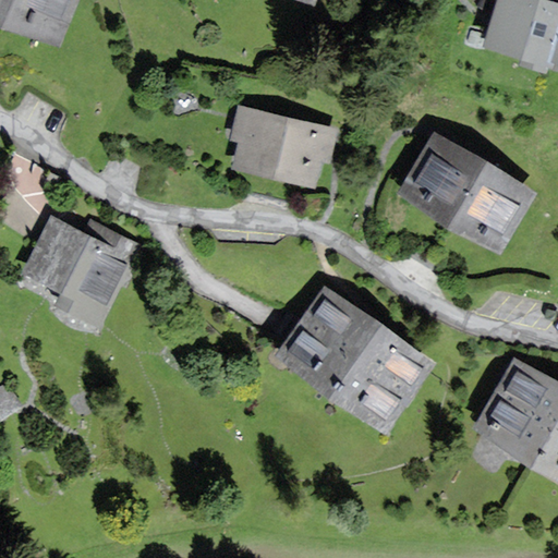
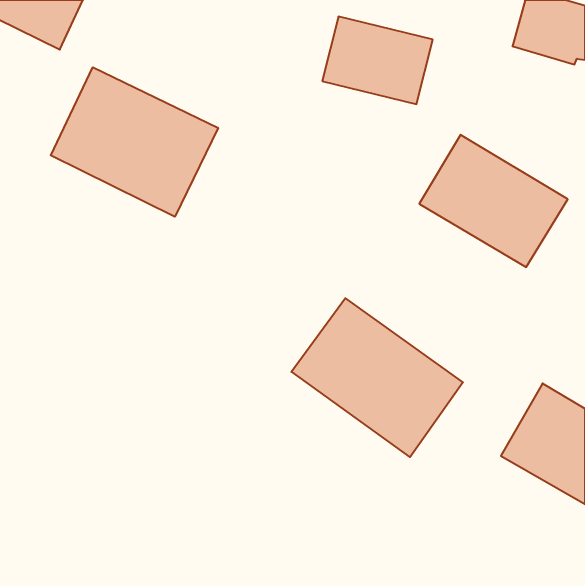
building: none -> [51,67,218,217]
building: [226,105,330,187] -> [322,17,433,104]
building: [23,222,132,330] -> none

